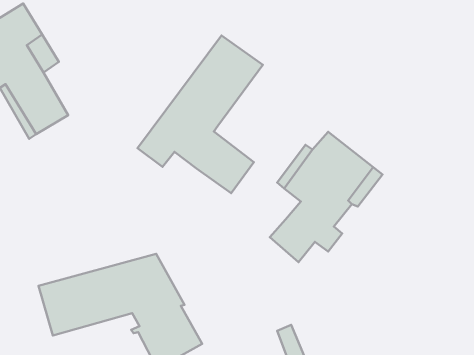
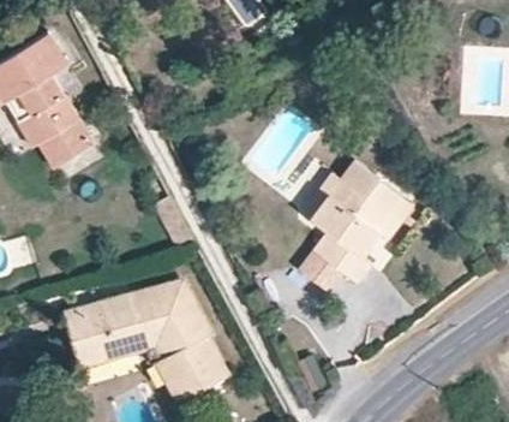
building: [138,35,263,193] -> none

